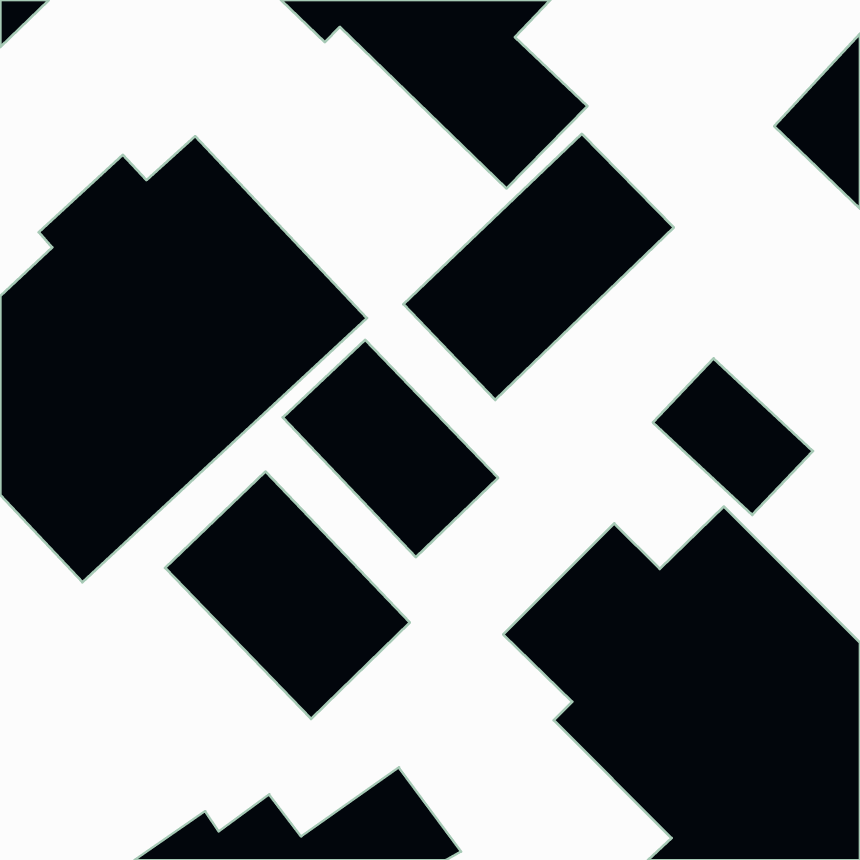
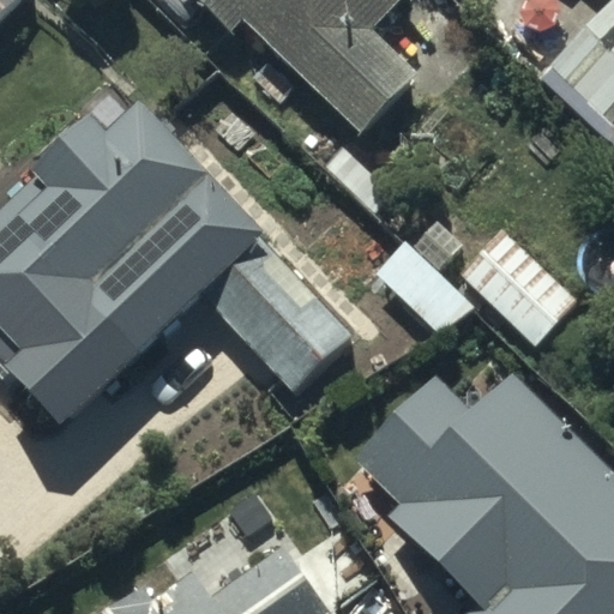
building: [403,134,674,400] -> none
building: [165,472,410,719] -> none

